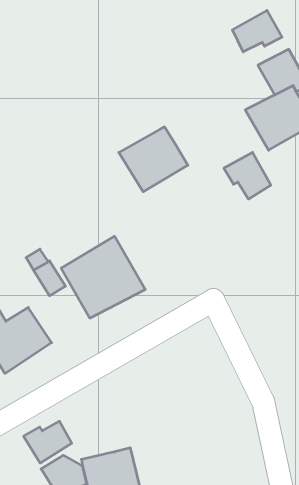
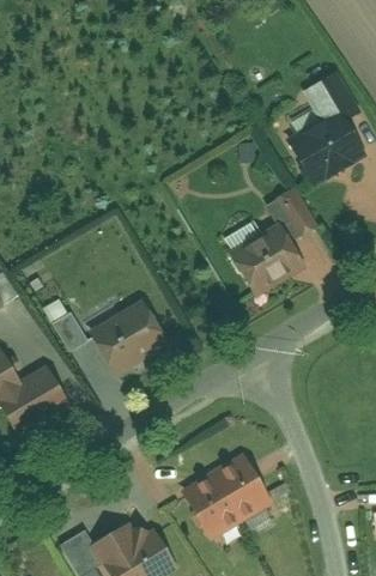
building: [232,10,282,52] -> none
building: [119,127,188,192] -> [229,222,307,295]
building: none -> [181,453,273,539]
building: [24,421,72,463] -> none

